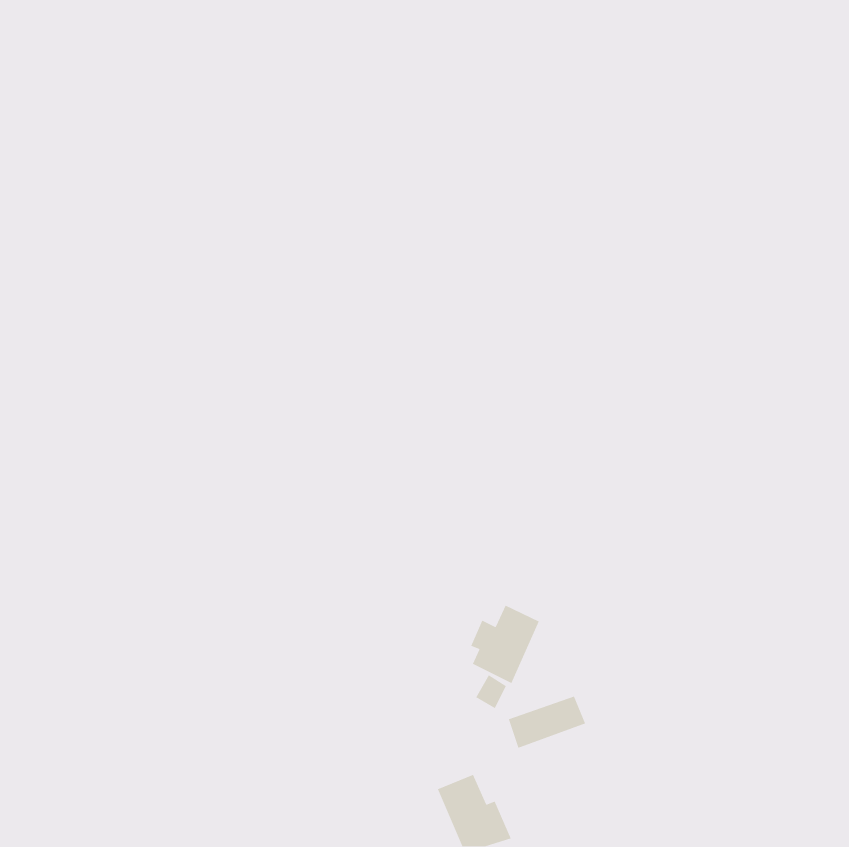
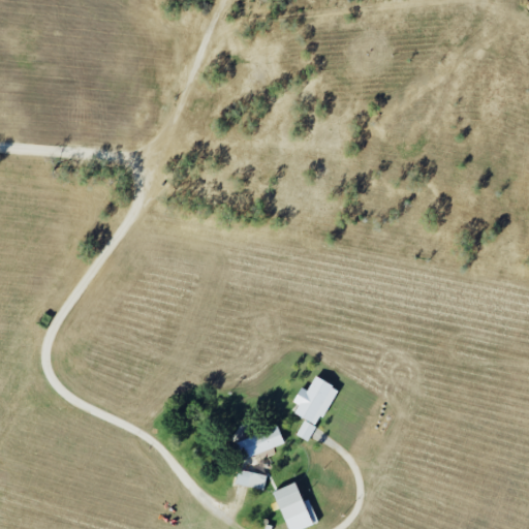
building: [508,696,586,749] -> [236,426,284,459]
building: none -> [235,469,267,489]

